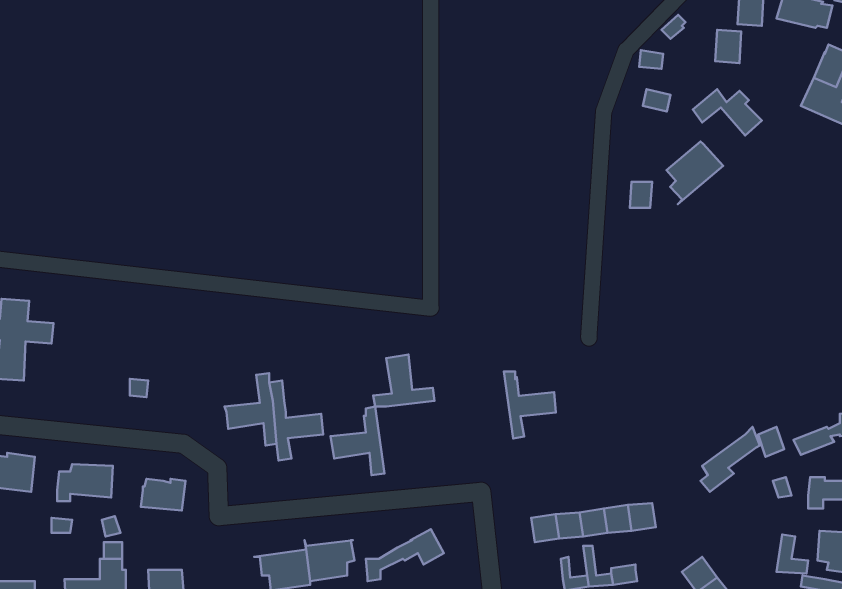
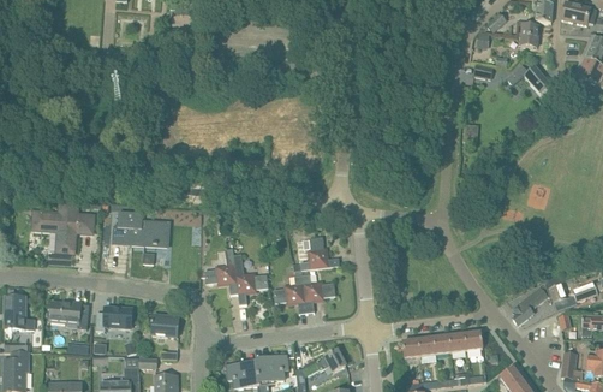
building: [667,142,723,204] -> none
building: none -> [112,212,168,245]
building: [504,372,556,438] -> [300,269,334,313]

